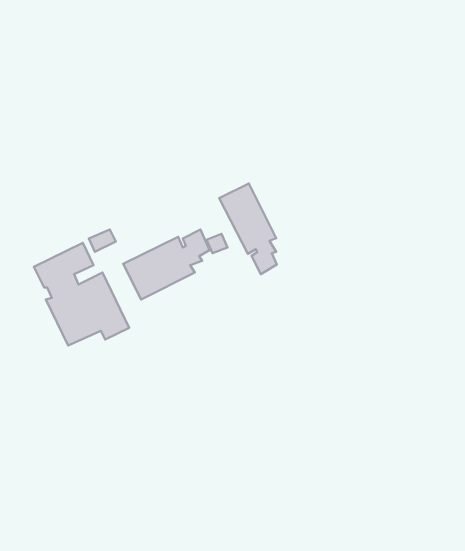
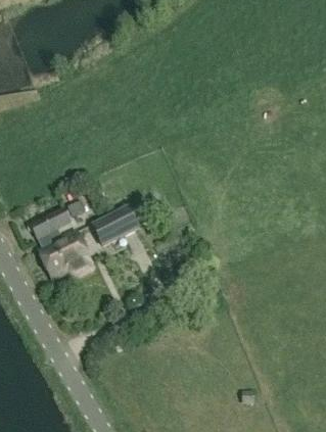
building: [219,183,277,274] -> none

